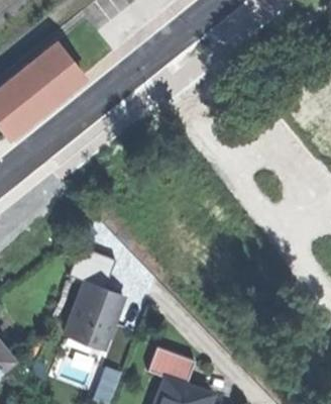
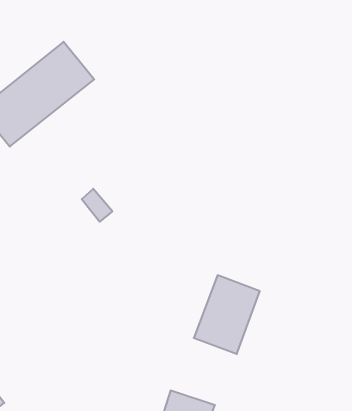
building: [65,283,123,352] -> [194,275,260,354]

